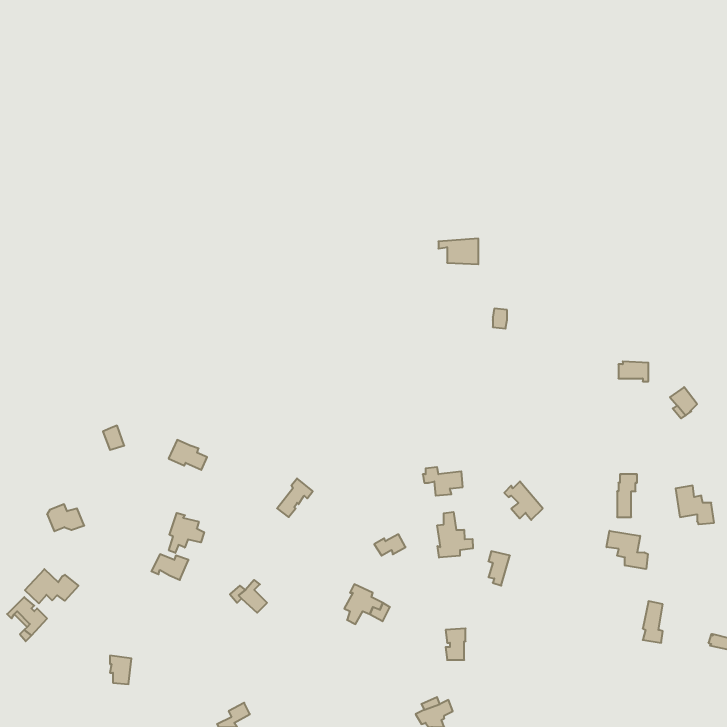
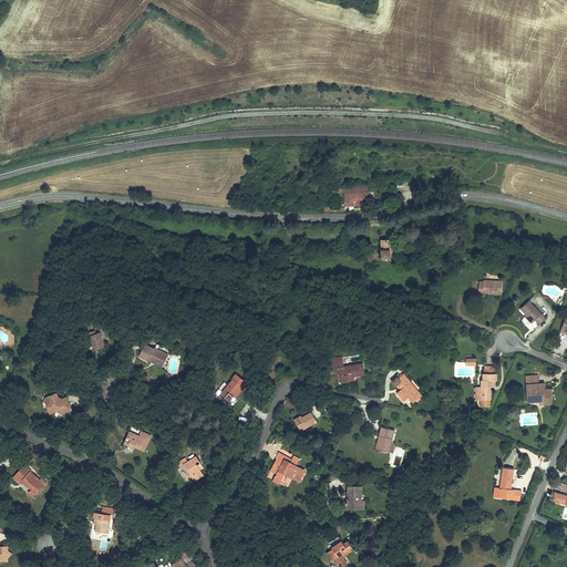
building: [437,512,473,558] -> none
building: [169,513,204,553] -> none
building: [607,531,648,569] -> none
building: [25,569,78,603] -> none

